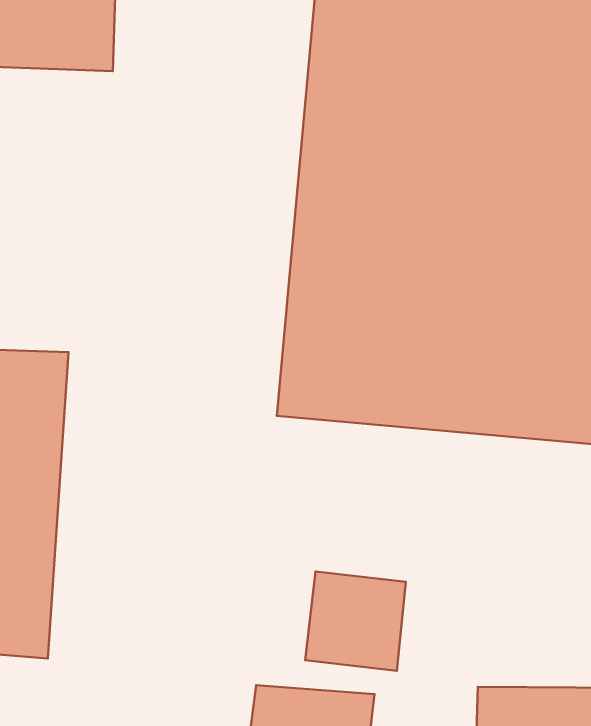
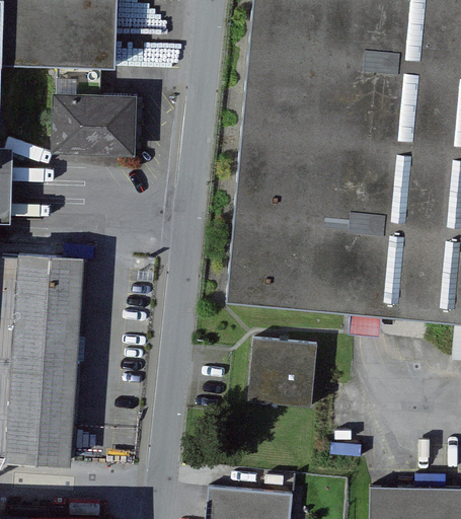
building: none -> [51,91,136,154]
building: [305,572,406,671] -> [252,337,321,404]

